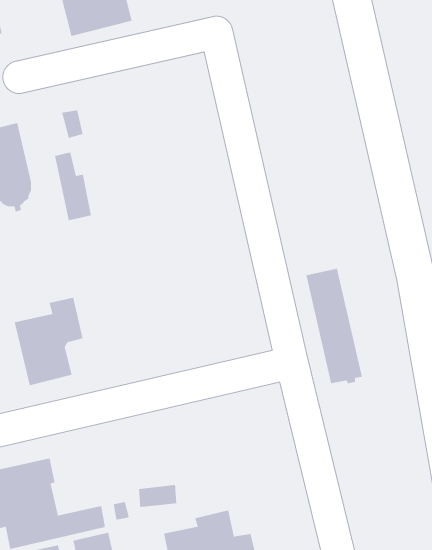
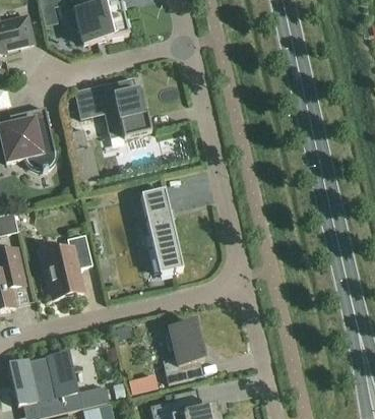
building: none -> [97,76,150,137]
building: [305,268,363,384] -> [140,188,182,273]
building: none -> [162,320,203,382]

